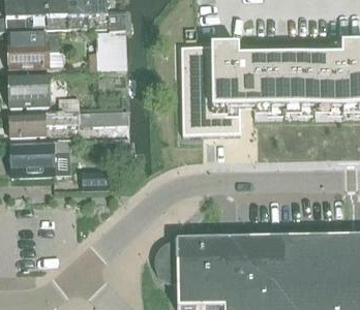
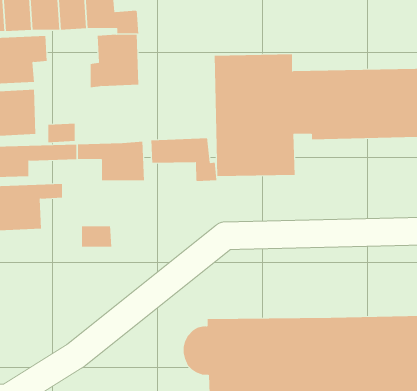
building: none -> [151,138,217,182]

